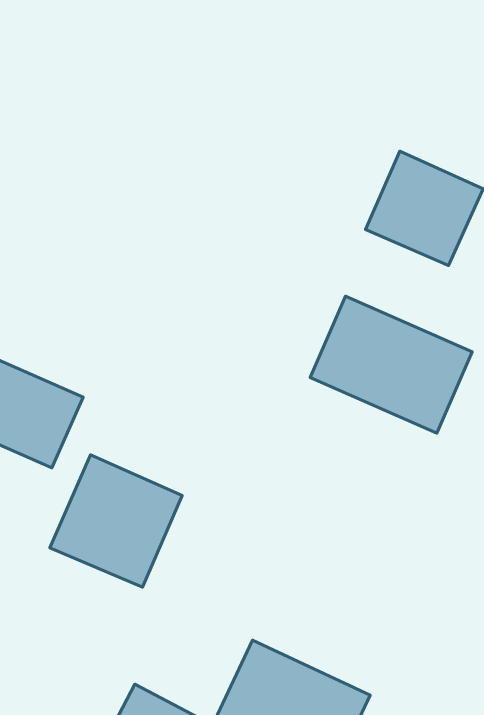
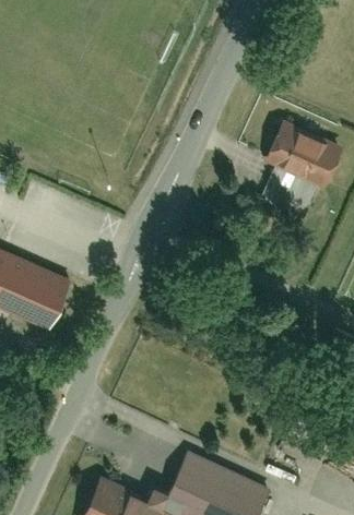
building: [310,296,472,433] -> none
building: [50,455,182,587] -> none

